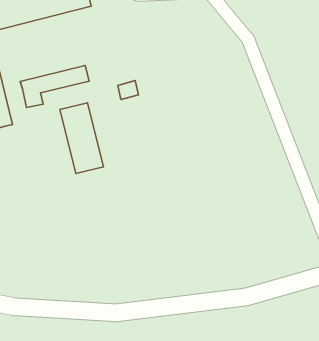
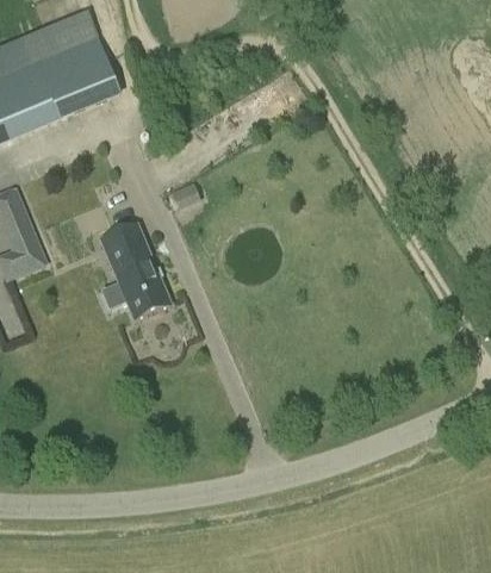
building: [20,65,89,108] -> none

